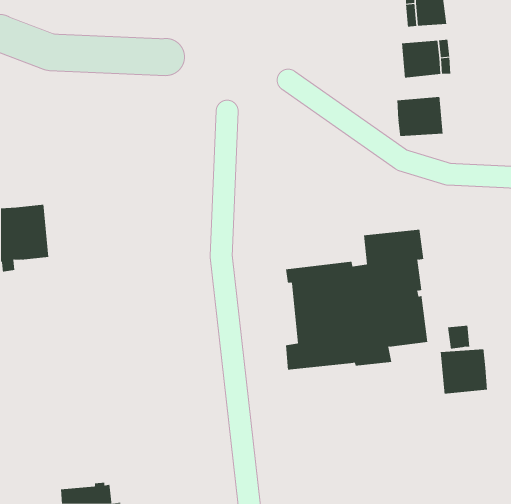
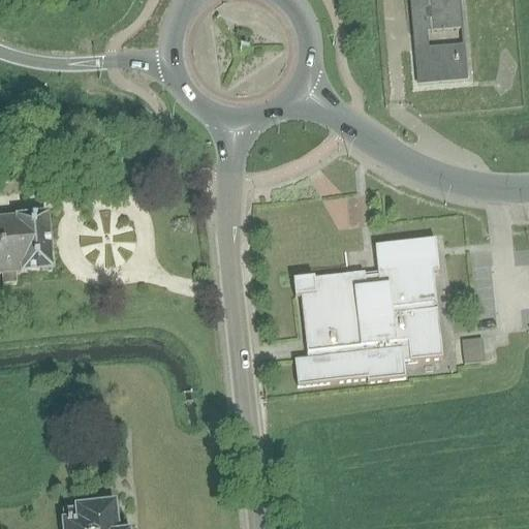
building: [397,96,443,137] -> none
building: [440,348,488,394] -> none

